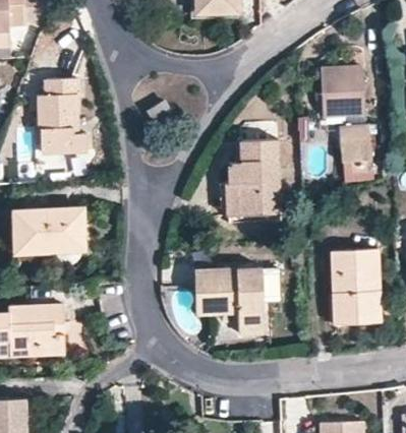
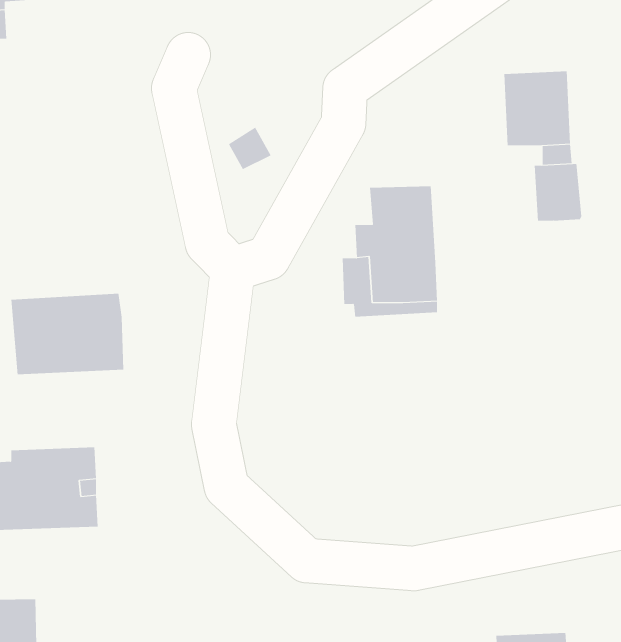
building: [41,74,86,149] -> none
building: [330,247,378,323] -> none
building: [194,266,265,330] -> none

